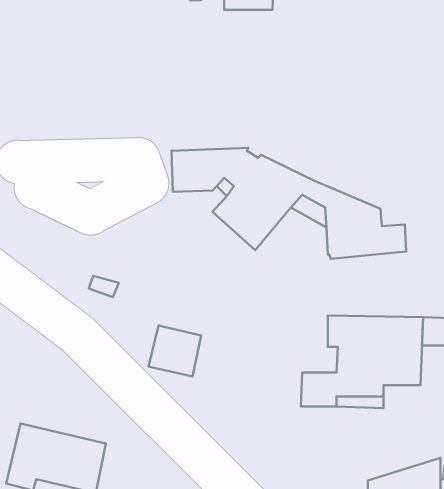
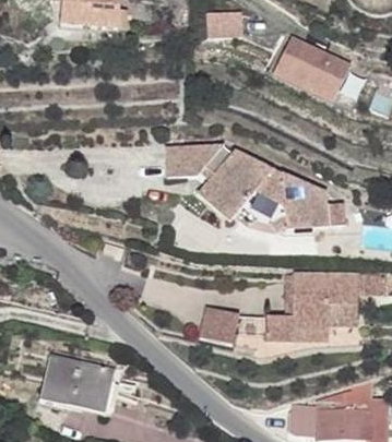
building: none -> [269,34,352,104]
building: [148,325,201,377] -> [199,307,239,346]

